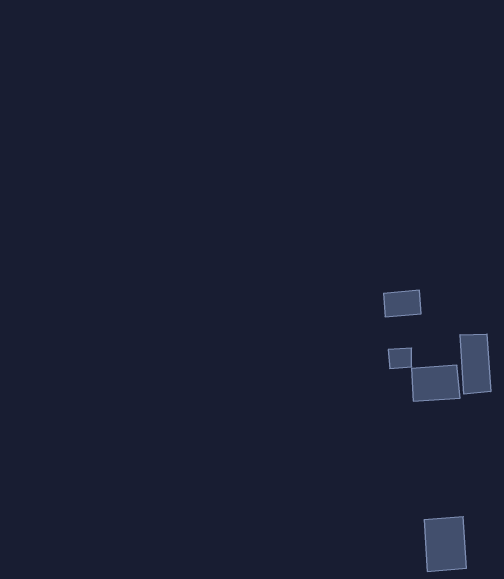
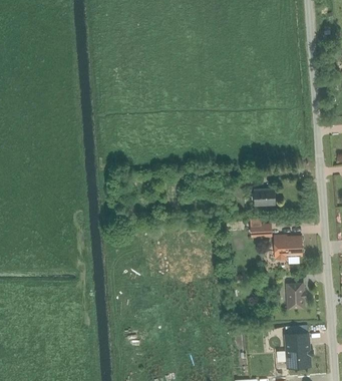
building: [460,334,491,394] -> none
building: none -> [287,283,305,309]

